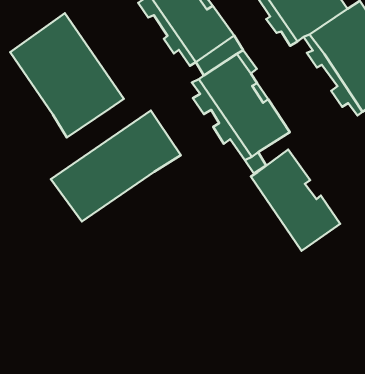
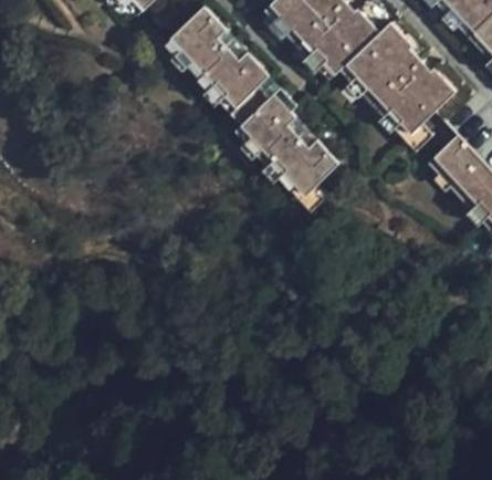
building: [10,13,124,138] -> none
building: [51,111,181,221] -> none
building: [251,149,340,251] -> none

